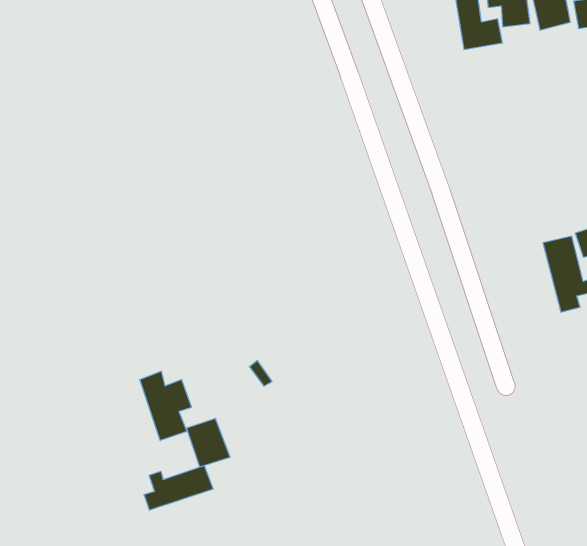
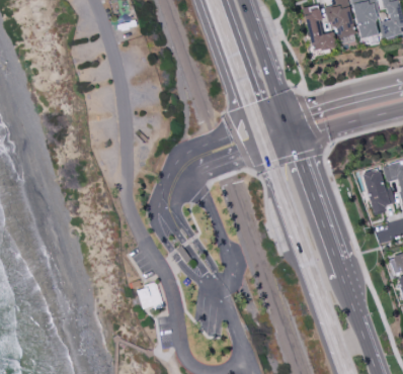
building: [140,371,191,441] -> none
building: [144,466,213,510] -> none

